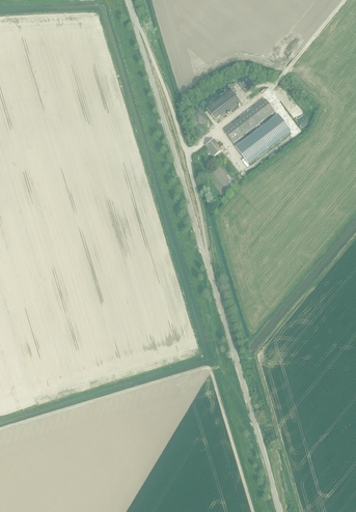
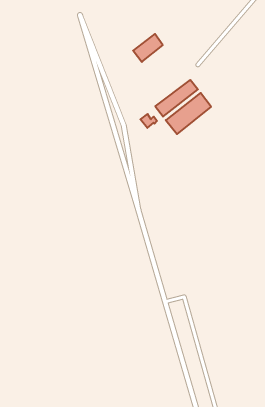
building: [204,87,240,120] -> [133,34,163,62]

